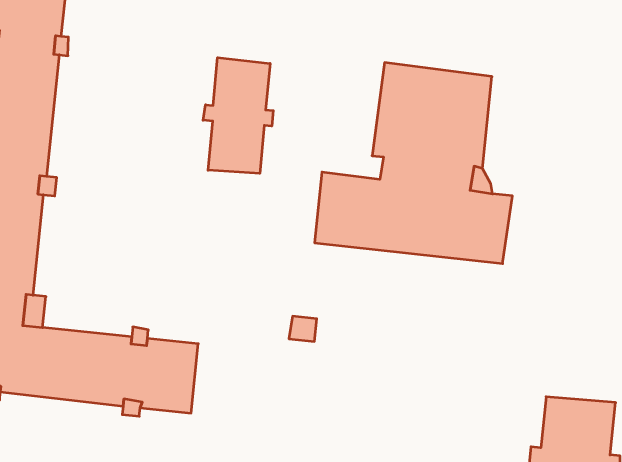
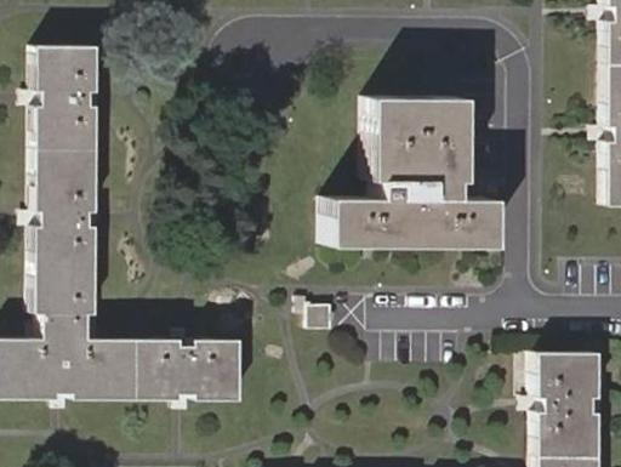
building: [203,58,273,173] -> none

